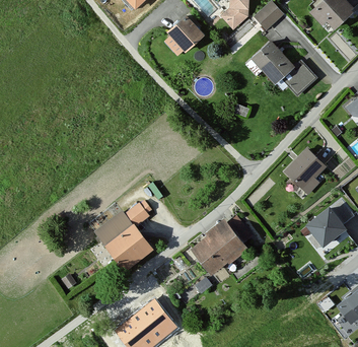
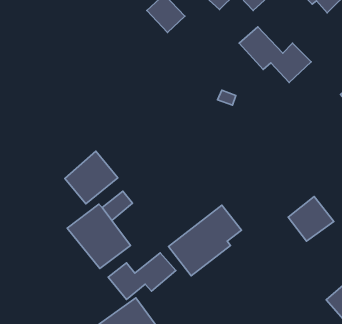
building: [282,147,326,195] -> none
building: none -> [65,151,118,204]
building: none -> [108,253,176,300]

